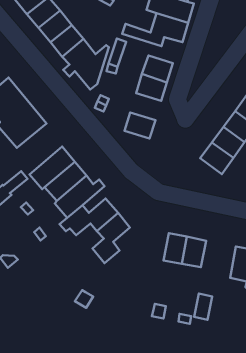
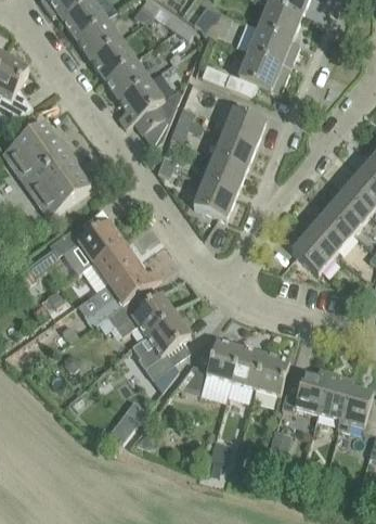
building: none -> [204,156,246,194]
building: none -> [176,338,242,401]
building: none -> [282,368,329,412]

